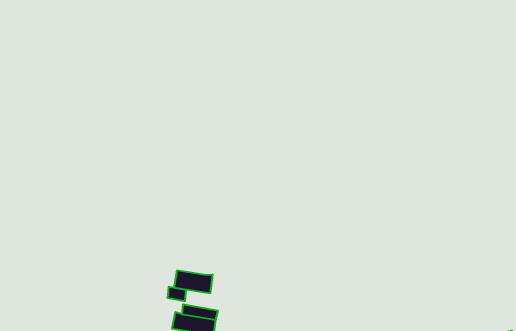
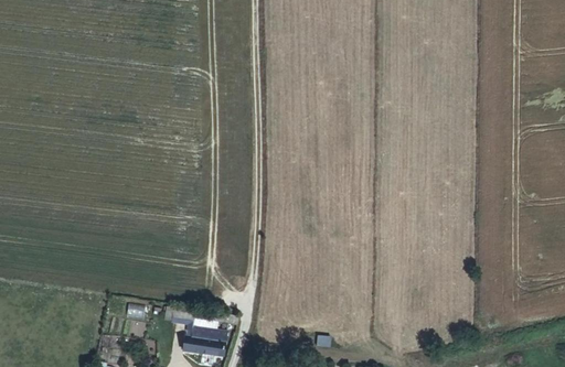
building: [174,270,213,293] -> none

